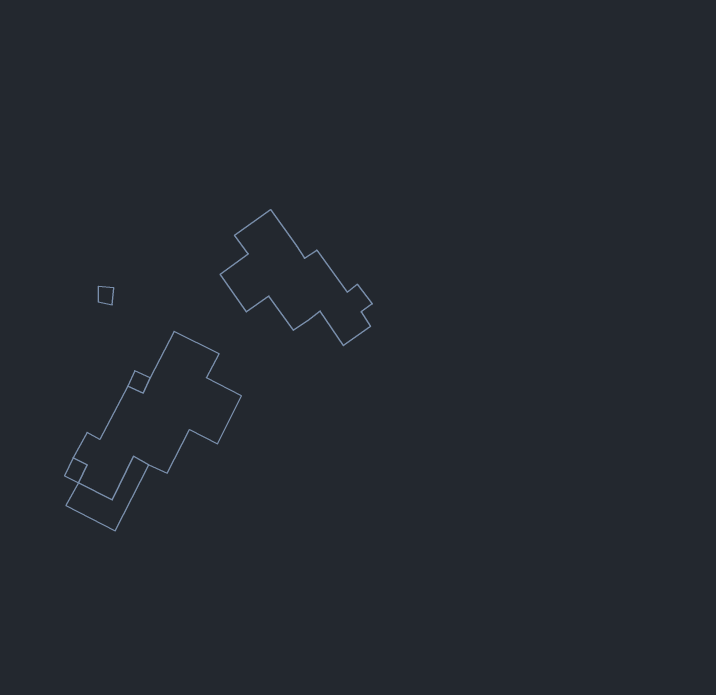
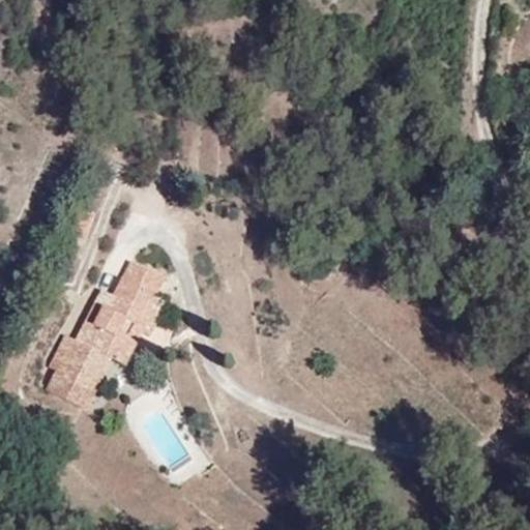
building: [220,210,372,346] -> none

